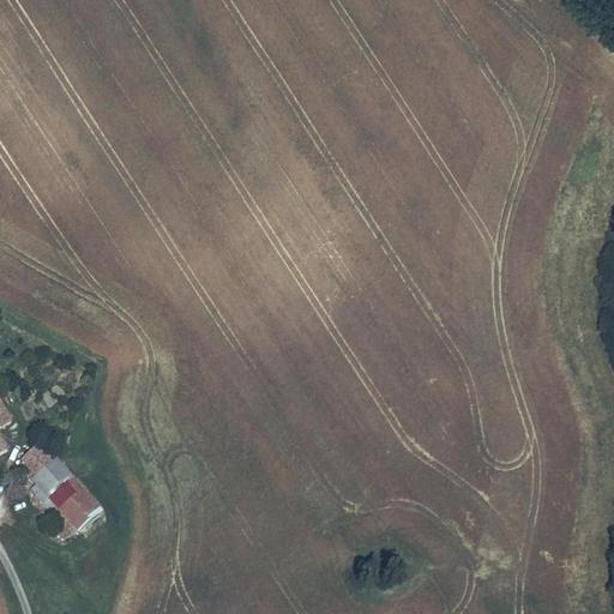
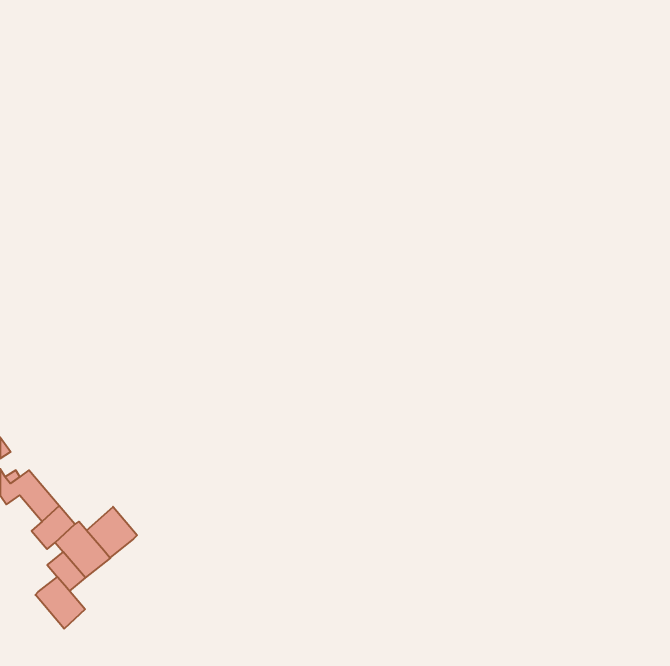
building: none -> [87,507,137,558]
building: none -> [35,577,85,629]

